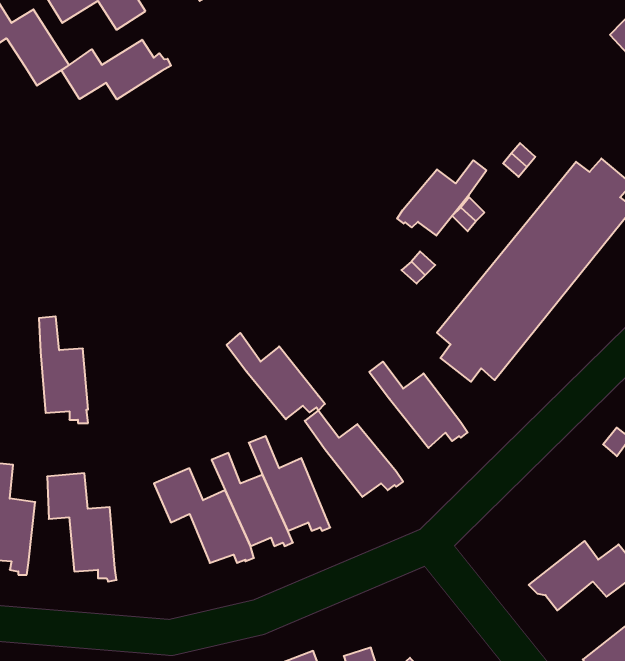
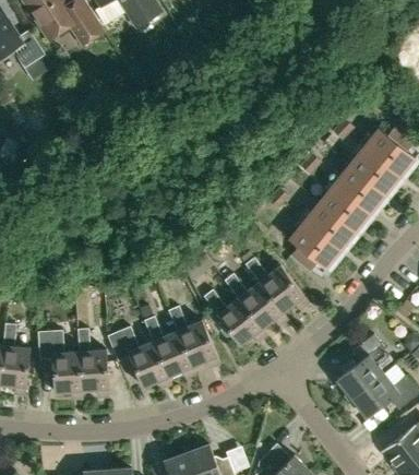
building: [62,40,171,99] -> none
building: [397,160,486,236] -> none
building: [39,316,88,423] -> [77,328,109,396]
building: [227,333,325,419] -> [225,272,288,328]
building: none -> [337,333,384,401]

